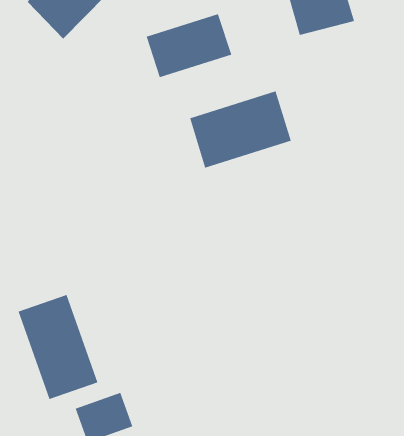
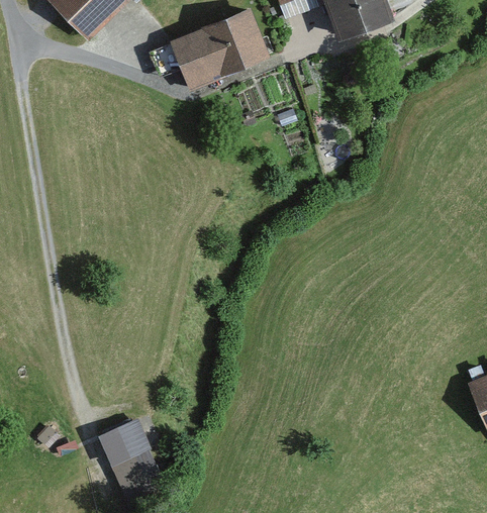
building: [189,90,291,168] -> none
building: [18,294,98,400] -> none

